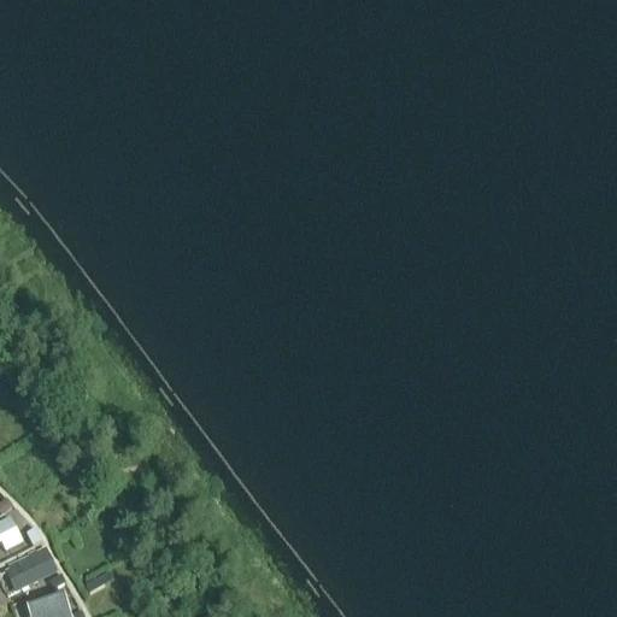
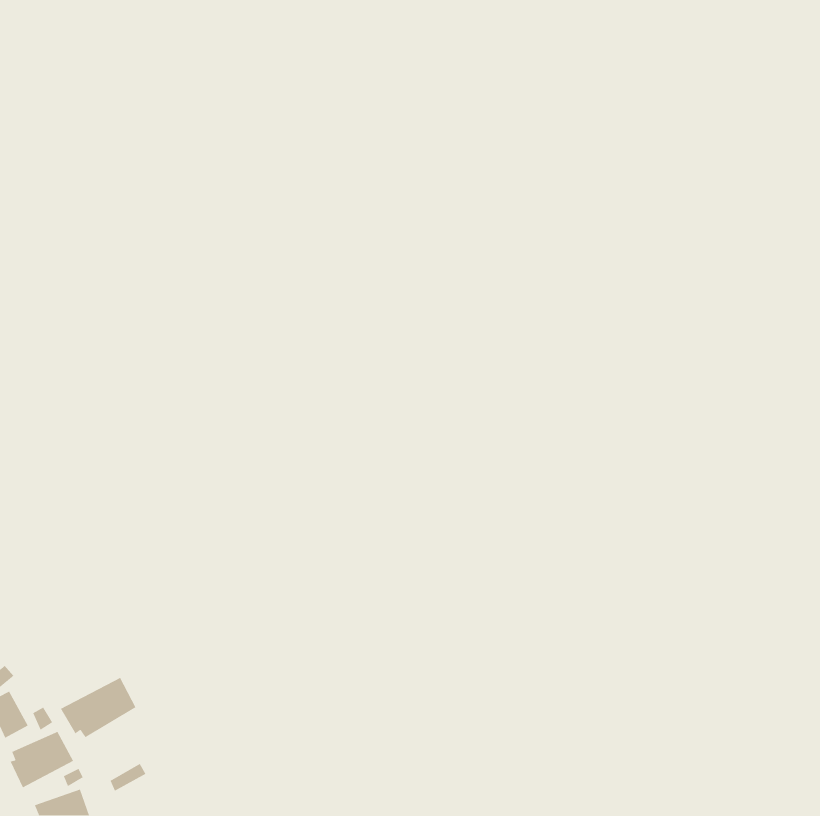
building: none -> [60,677,137,738]

